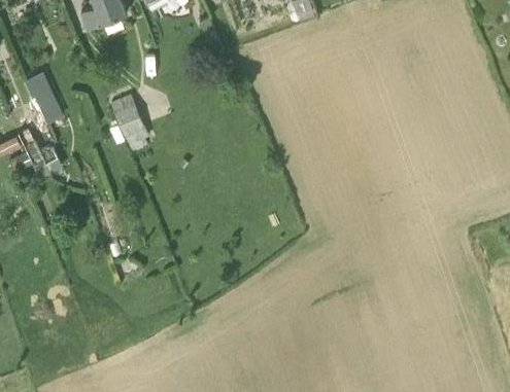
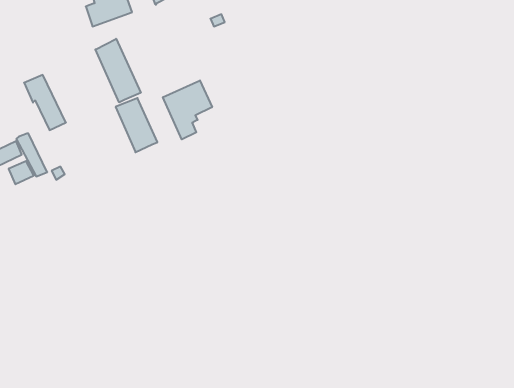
building: none -> [95,39,141,102]
building: none -> [163,80,212,139]

